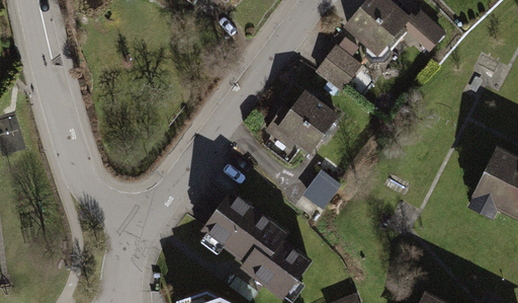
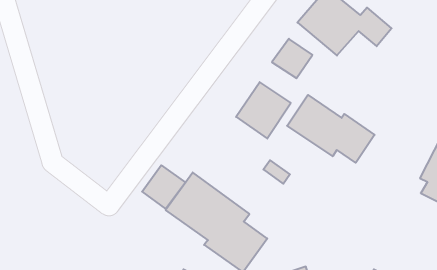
building: none -> [287,95,375,163]
building: none -> [142,165,186,209]

